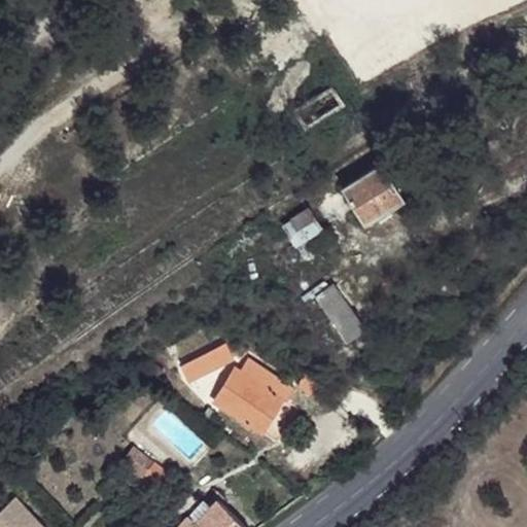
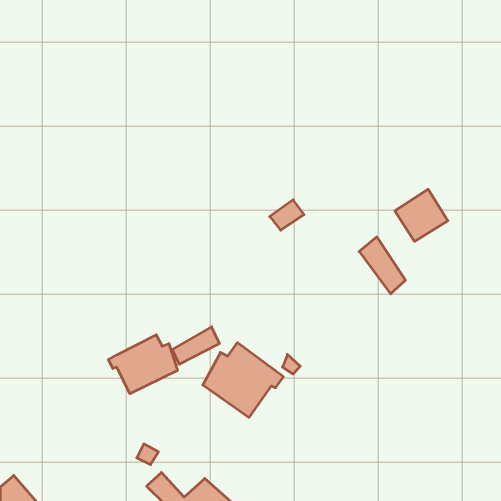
building: [345,165,400,219] -> [395,189,448,241]
building: [312,281,360,341] -> [359,237,405,294]
building: none -> [108,335,177,394]

